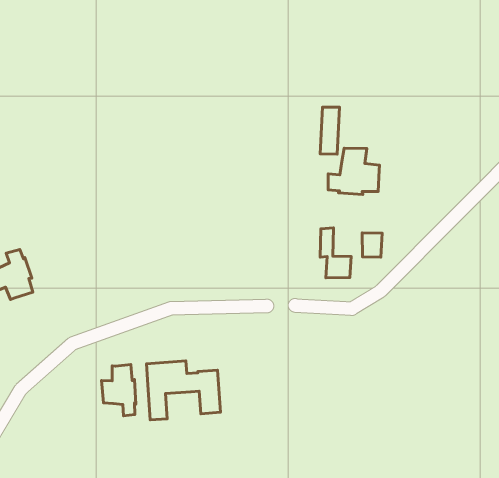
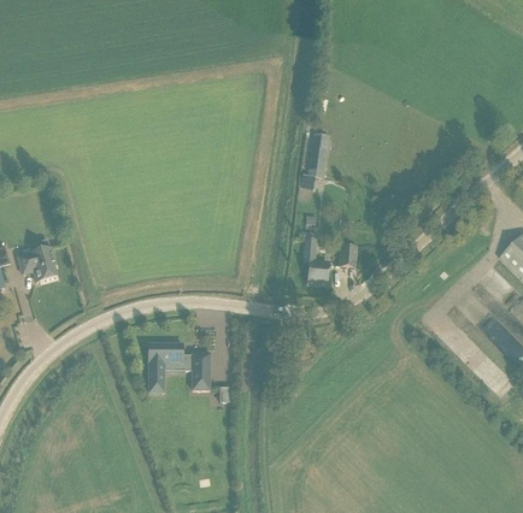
building: [328,148,380,194] -> none
building: [101,365,136,416] -> none

